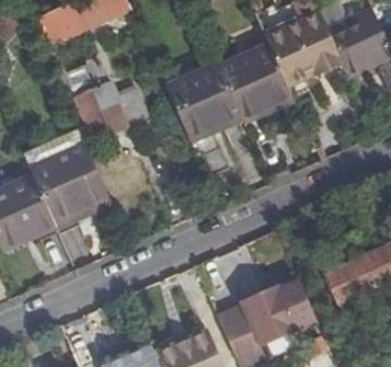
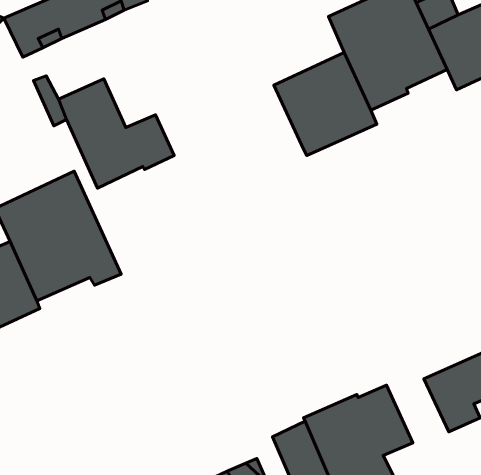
building: [165,66,240,138] -> none

